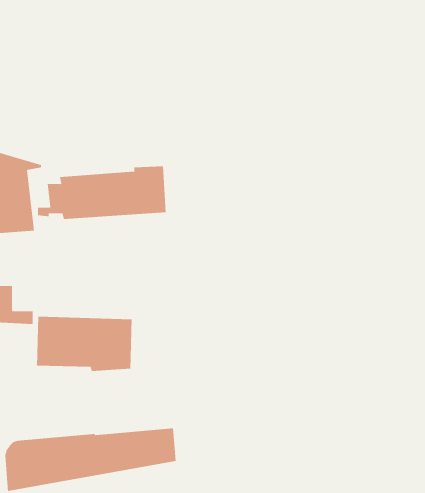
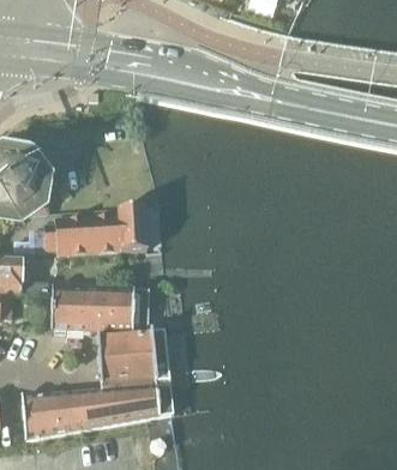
building: [37,166,166,219] -> [35,207,148,254]
building: none -> [98,330,170,390]

